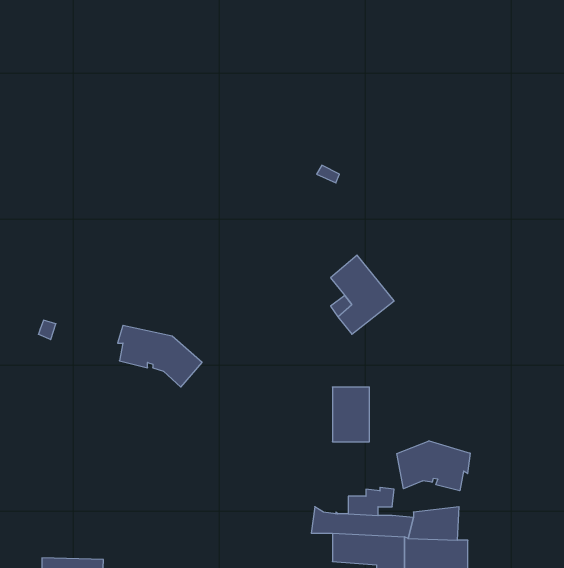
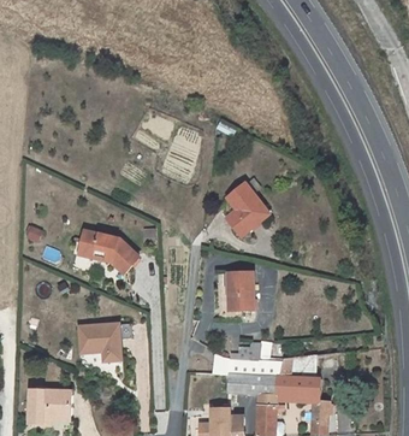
building: [397,441,470,491] -> none
building: none -> [78,323,121,360]

